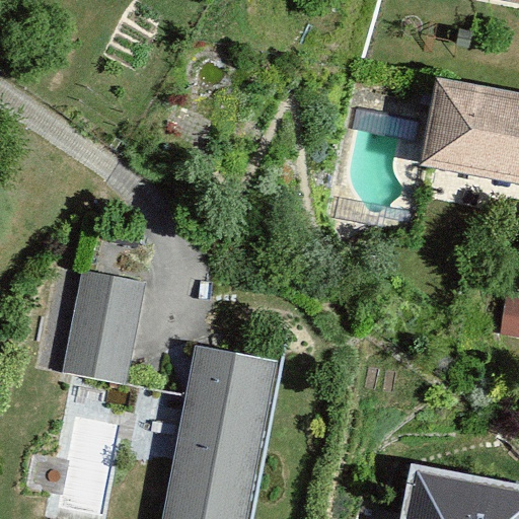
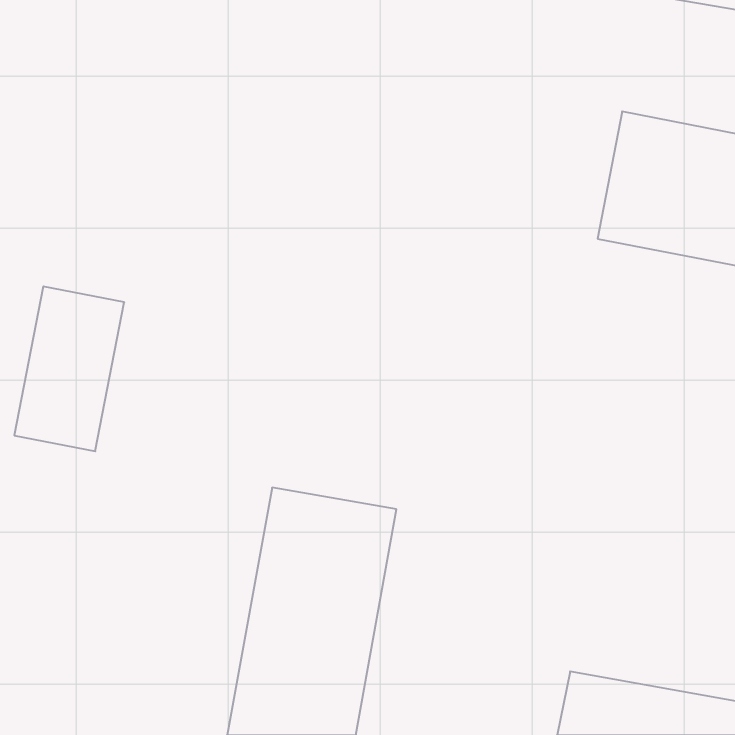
building: [67,272,144,387] -> [14,286,124,451]

